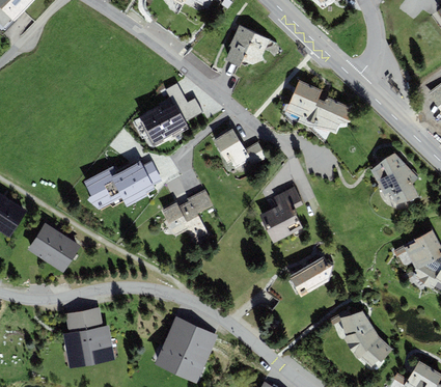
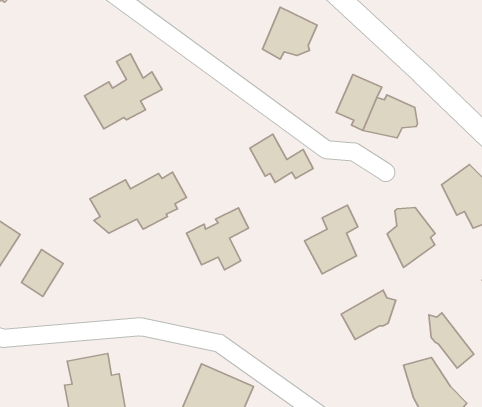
building: [139,83,202,144] -> [85,54,162,129]
building: none -> [387,207,435,268]
building: [45,234,80,273] -> none
building: none -> [429,313,474,368]

